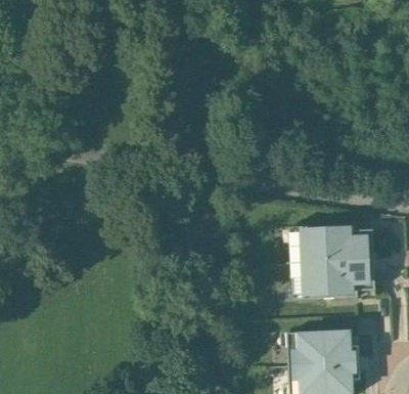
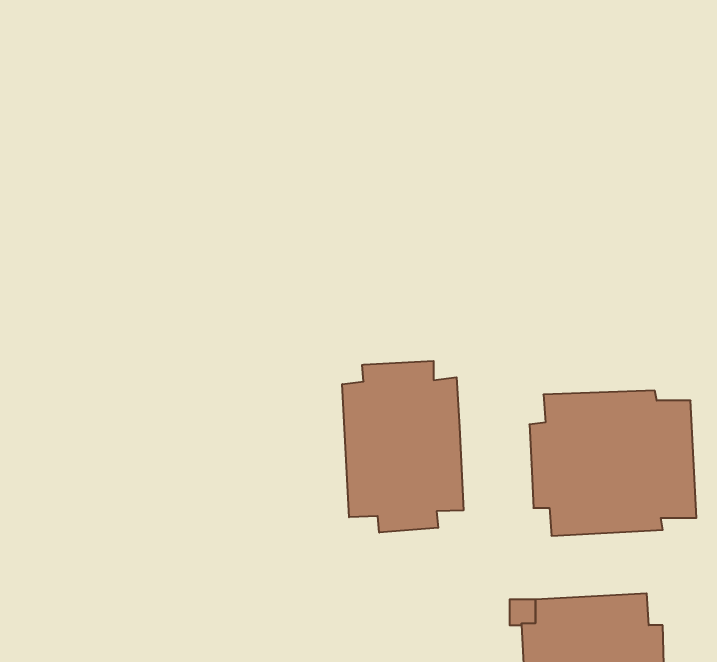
building: none -> [342,361,463,533]

